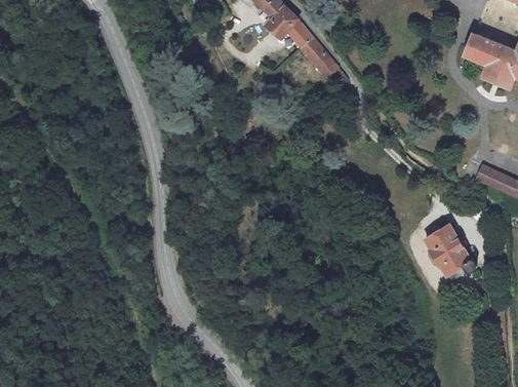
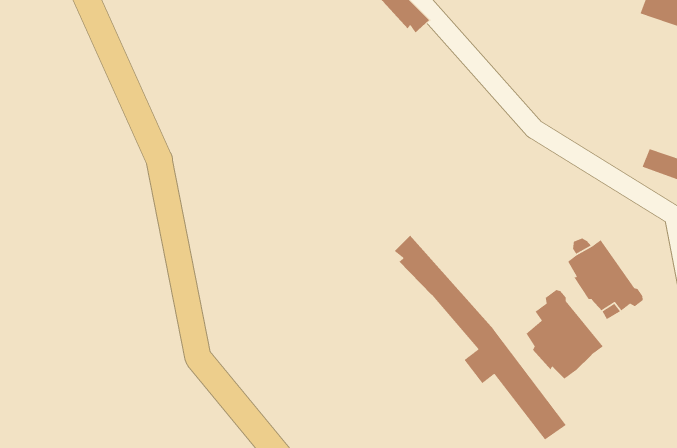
building: none -> [394,235,567,440]
building: none -> [526,289,604,379]

